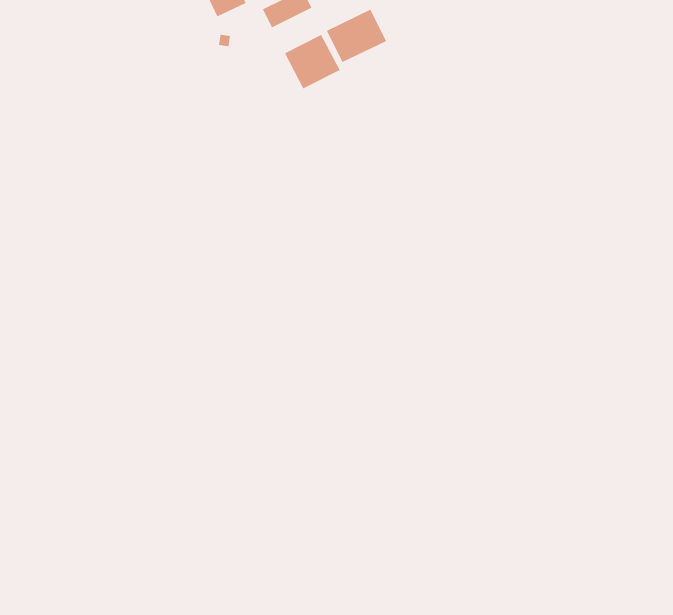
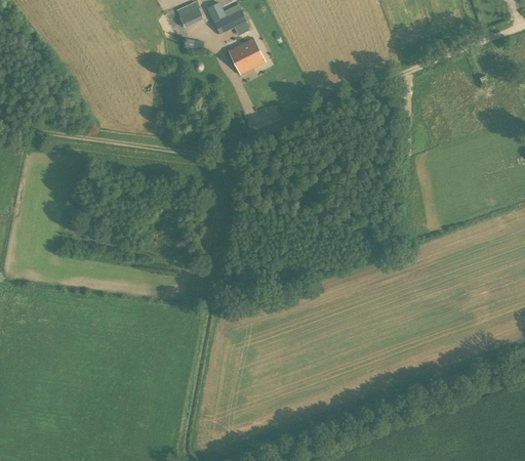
building: [326,9,387,63] -> none

